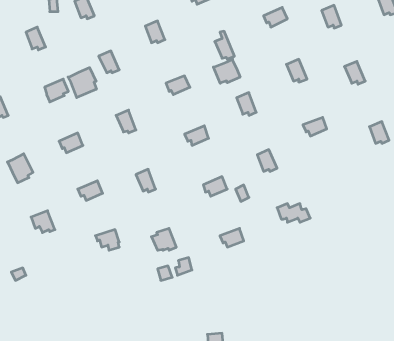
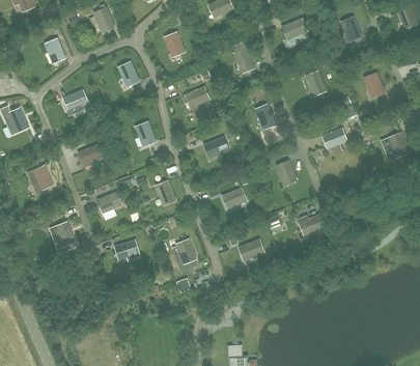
building: [213,59,240,83] -> none
building: [68,68,96,98] -> none

